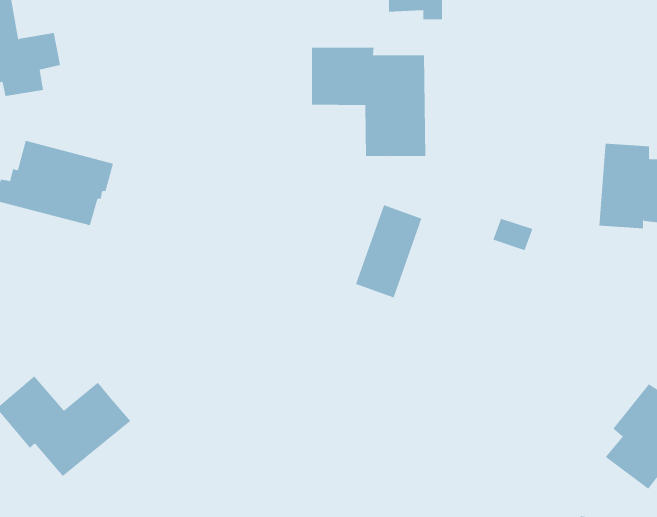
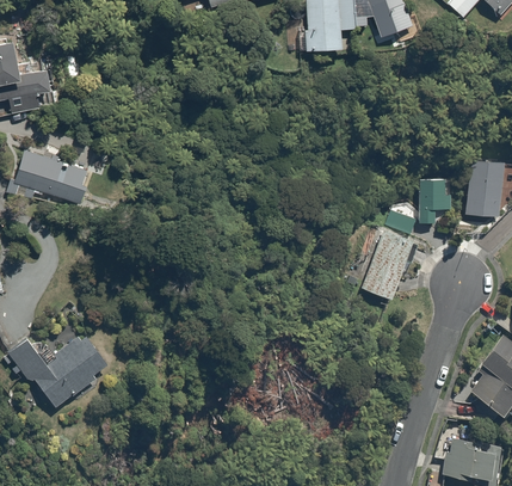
building: [311,47,426,157] -> none
building: none -> [420,174,448,221]
building: [355,205,422,298] -> [362,229,413,301]

